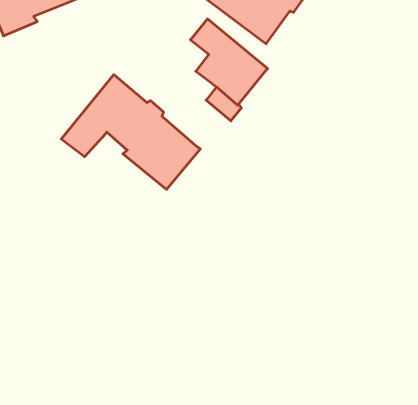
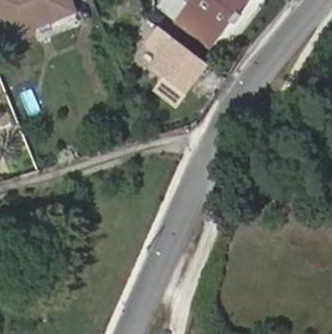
building: [61,75,200,189] -> none

